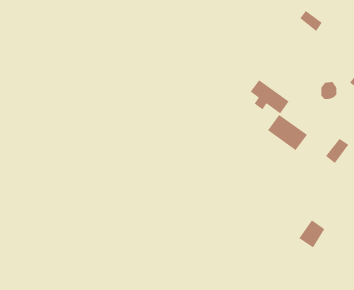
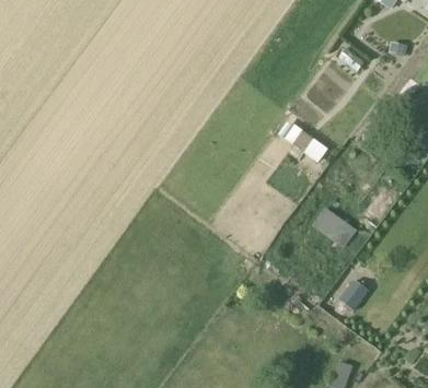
building: [267,114,308,151] -> [312,205,357,246]

